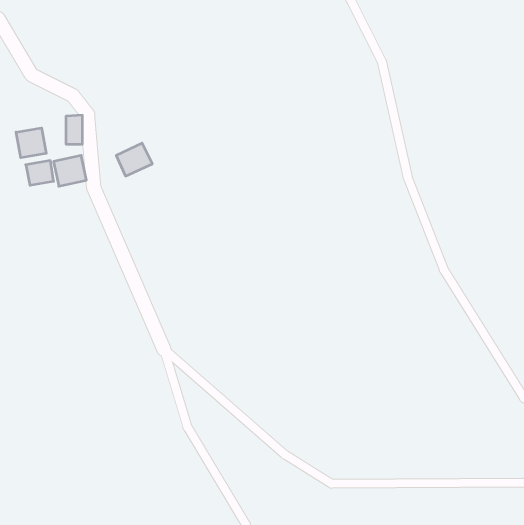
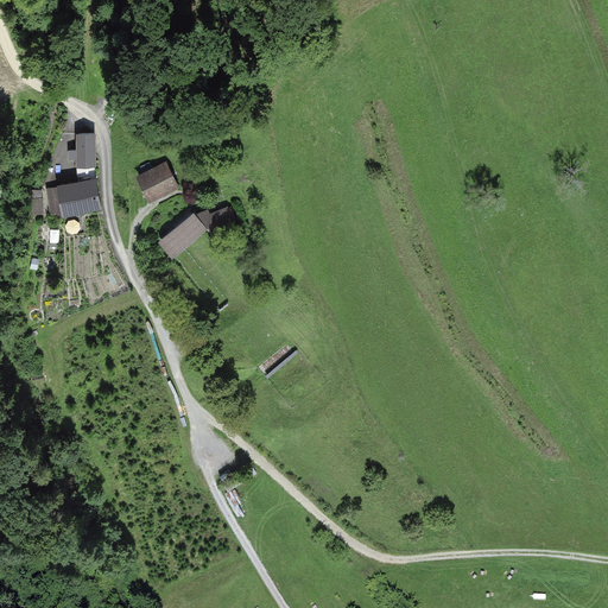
building: [16,128,46,158] -> none
building: none -> [158,207,211,258]

